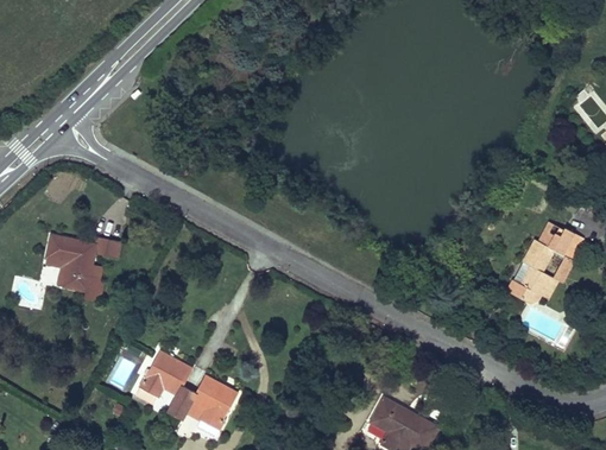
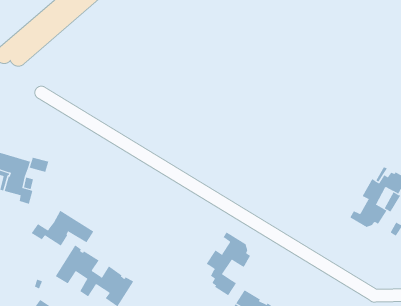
building: none -> [31,210,94,247]
building: none -> [206,232,251,296]

